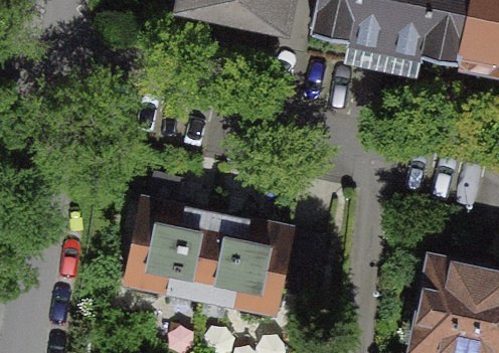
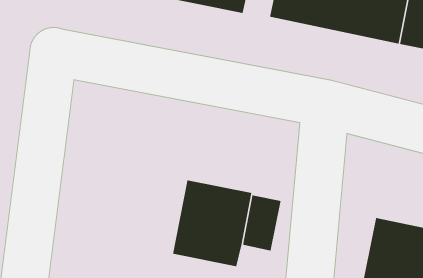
building: [123,198,216,300] -> none

